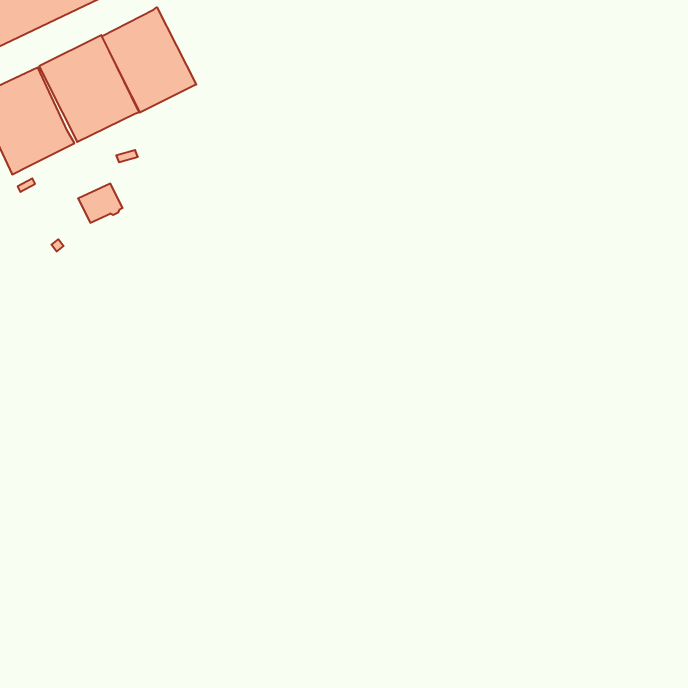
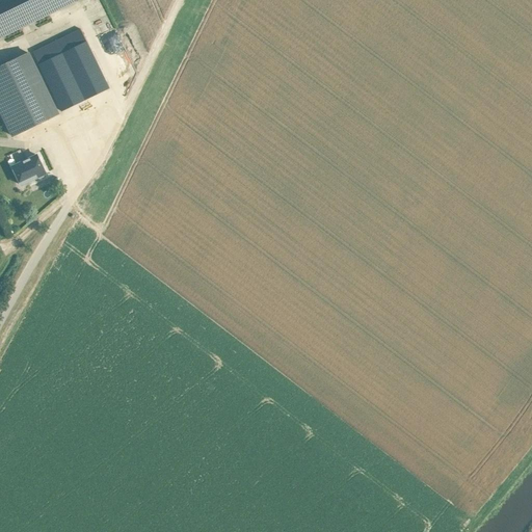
building: [102,7,196,113] -> none
building: [78,184,123,223] -> [9,153,44,183]

